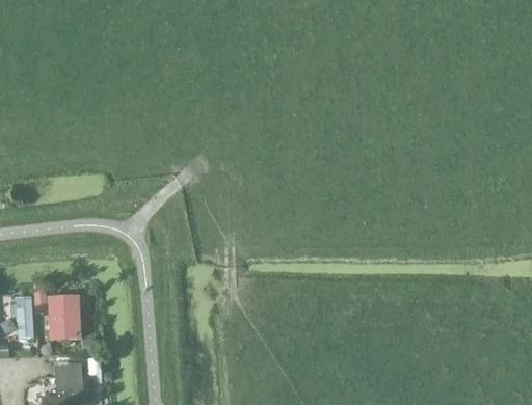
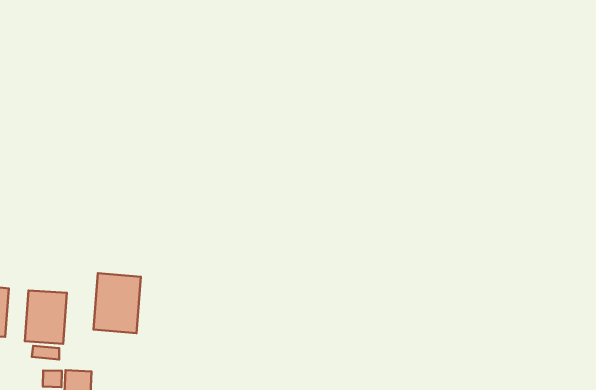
building: none -> [94,273,141,333]

